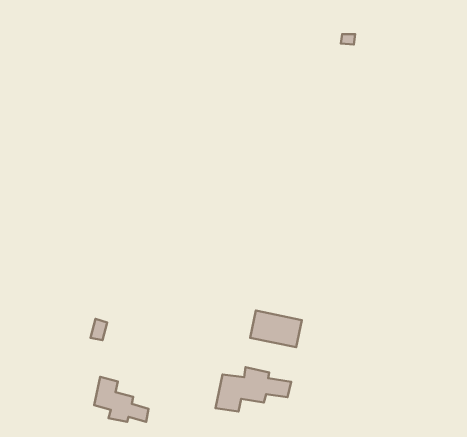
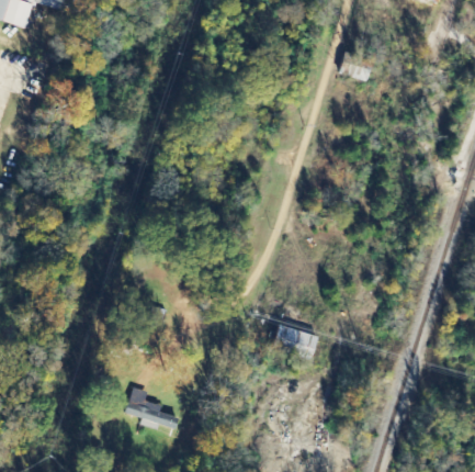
building: [216,367,291,412] -> none

